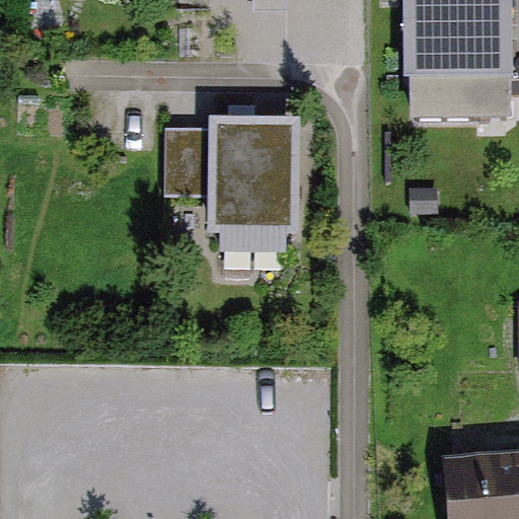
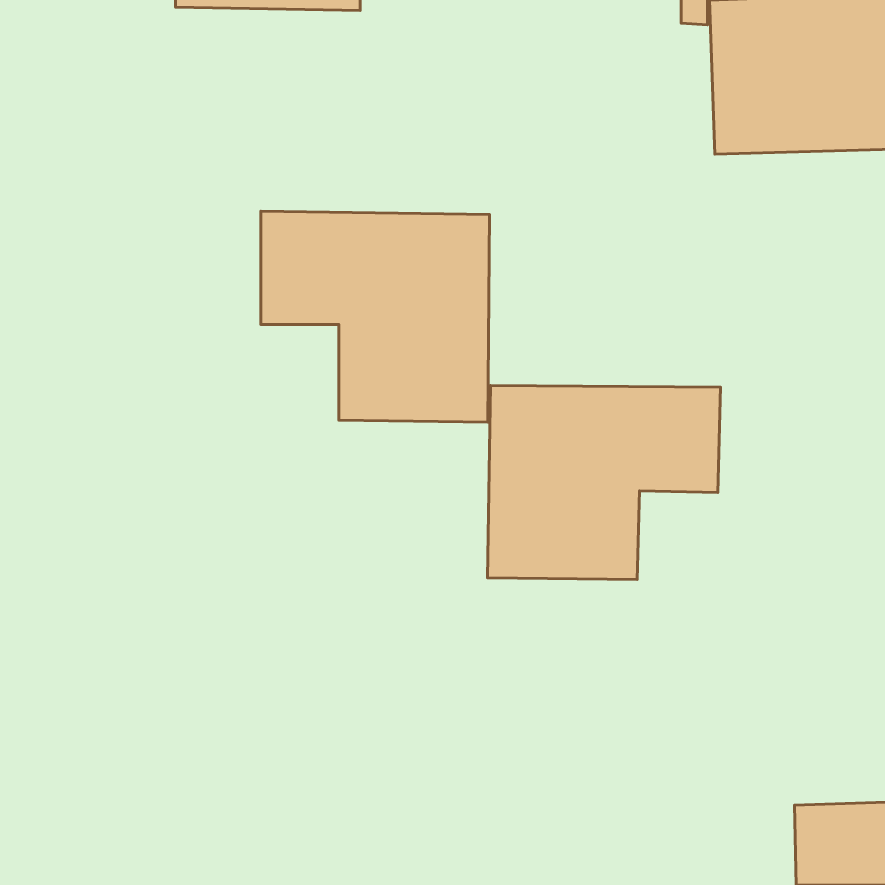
building: none -> [488,385,720,579]

